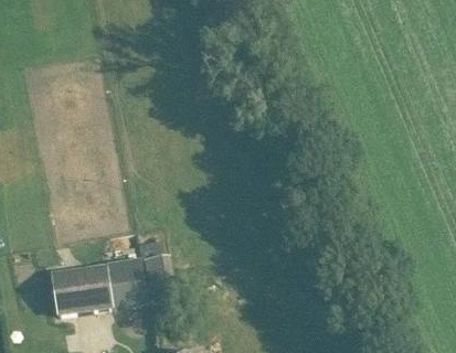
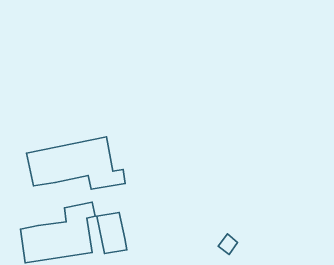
building: none -> [26,137,125,189]

